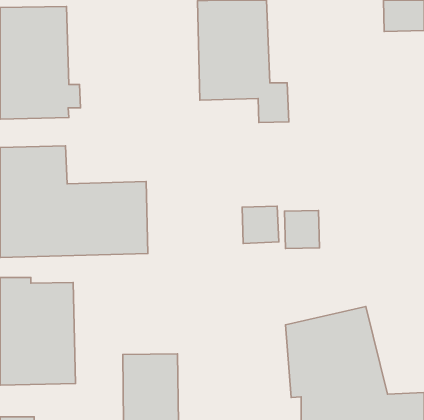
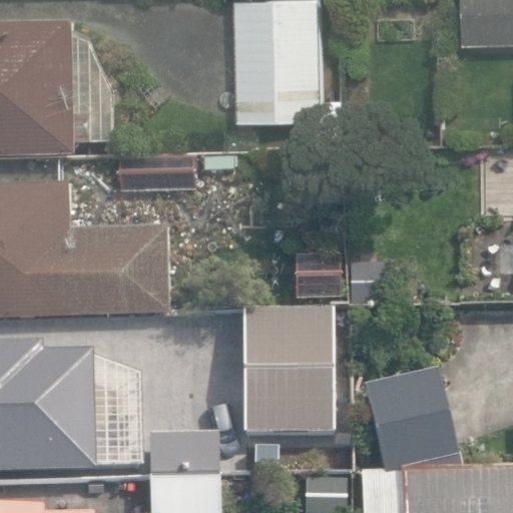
building: none -> [241,308,331,433]

